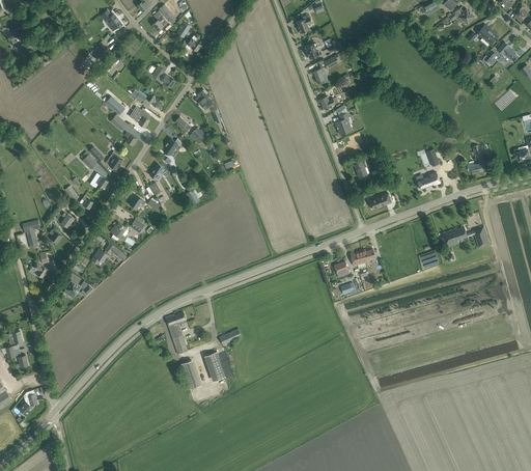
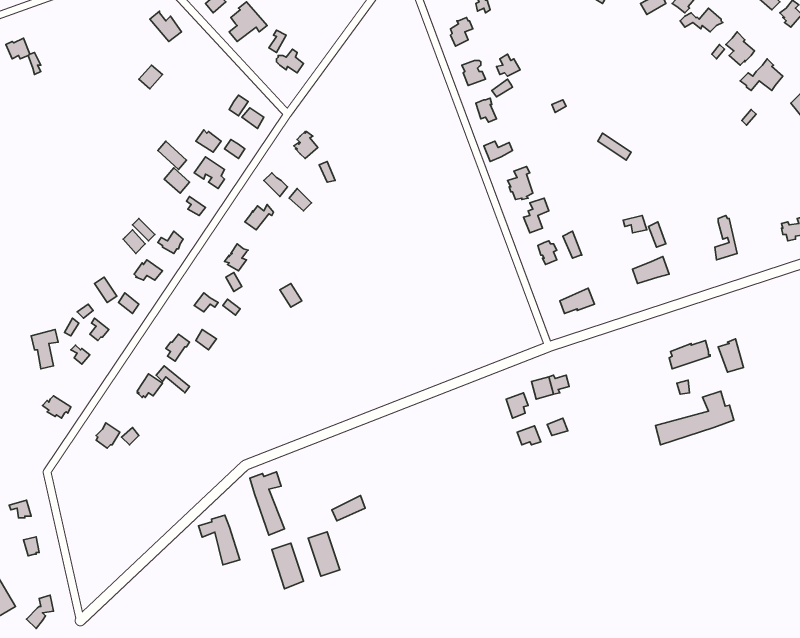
building: none -> [656,391,734,445]
building: none -> [198,515,240,565]

